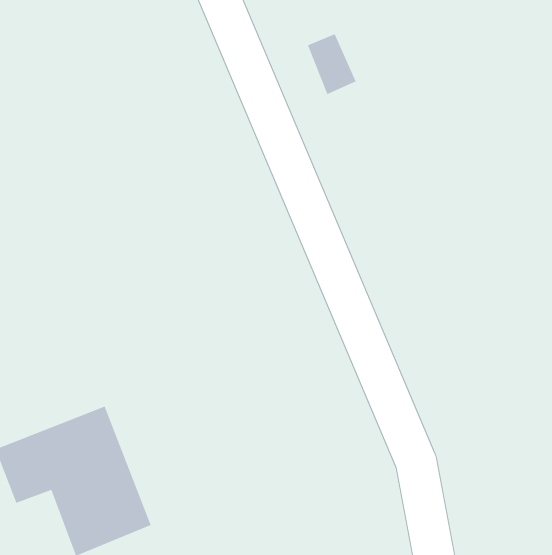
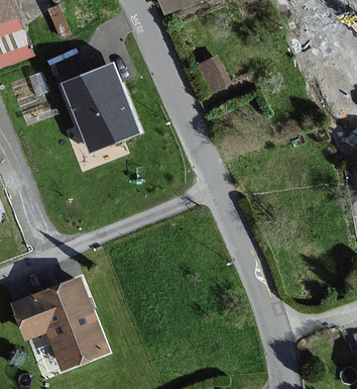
building: none -> [65,66,136,150]

